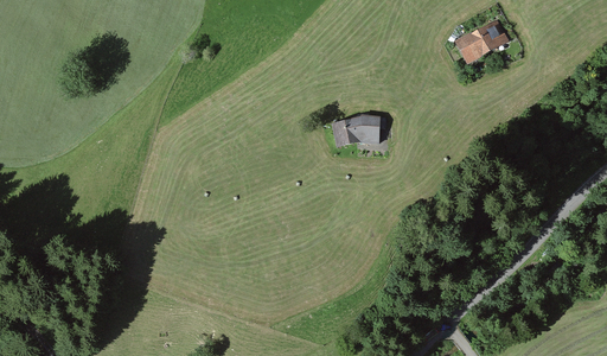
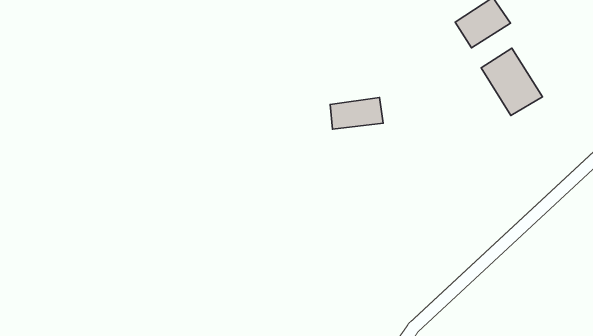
building: none -> [481,48,543,116]

